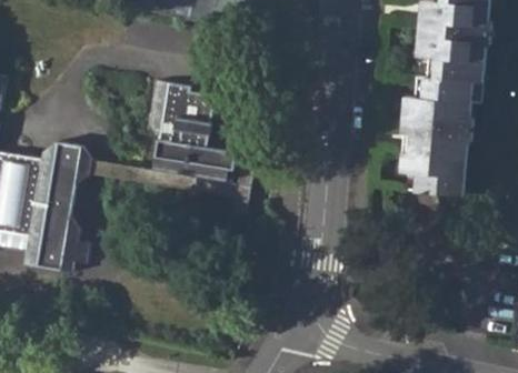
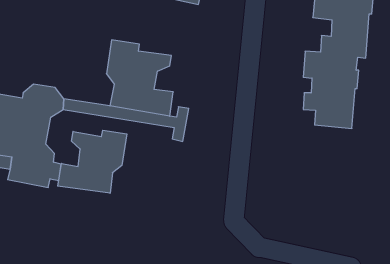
building: none -> [58,130,127,193]

